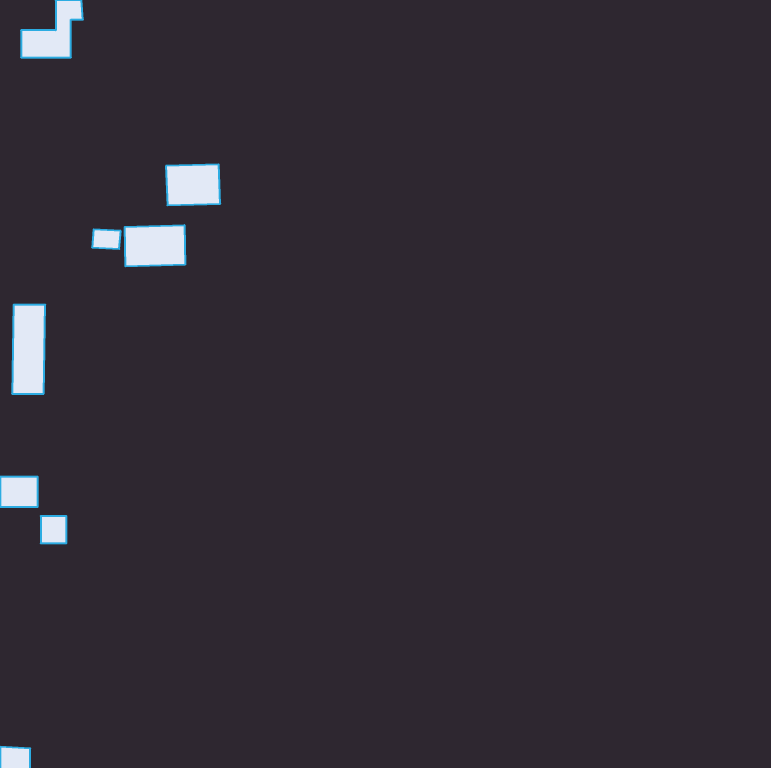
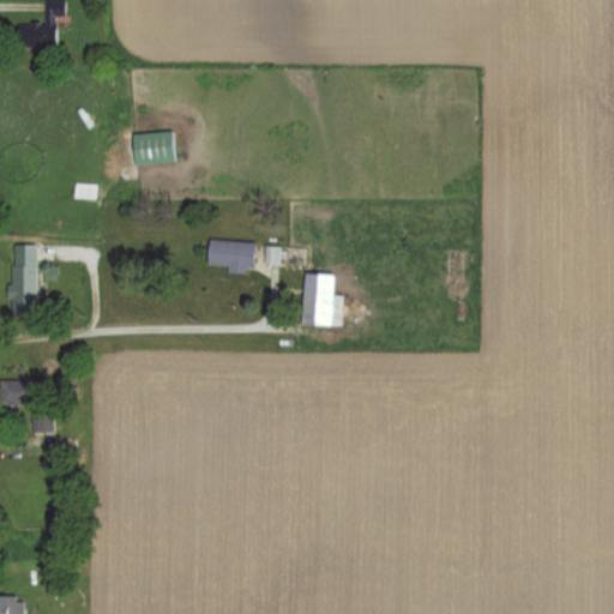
building: [125,225,185,266] -> none
building: none -> [207,241,253,273]
building: none -> [301,273,336,326]

